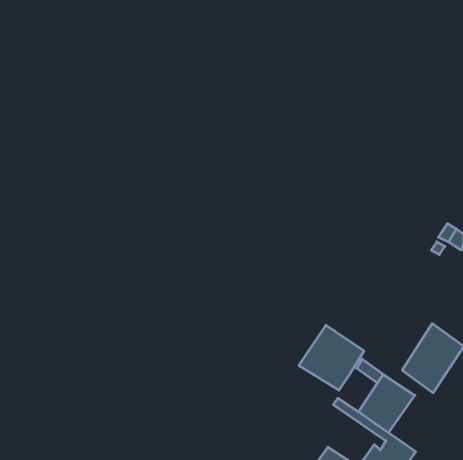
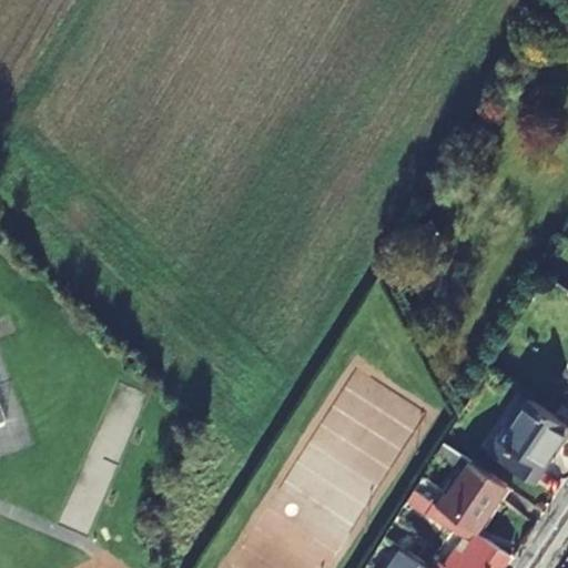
building: [299,325,364,390] -> none

